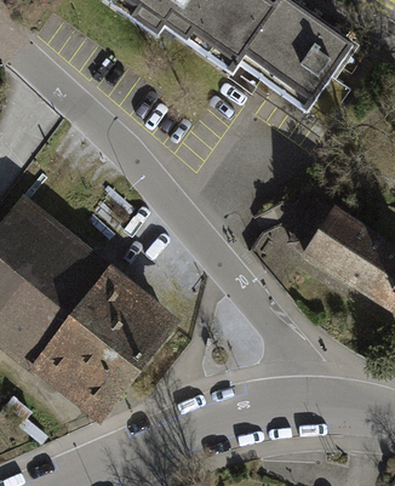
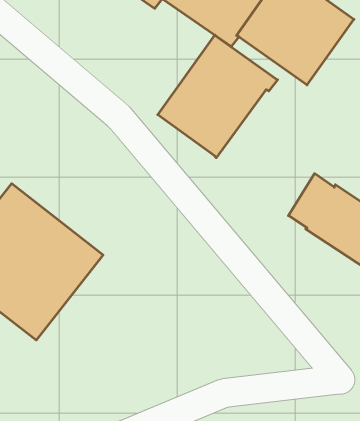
building: none -> [158,35,278,158]
building: [41,278,170,411] -> none

